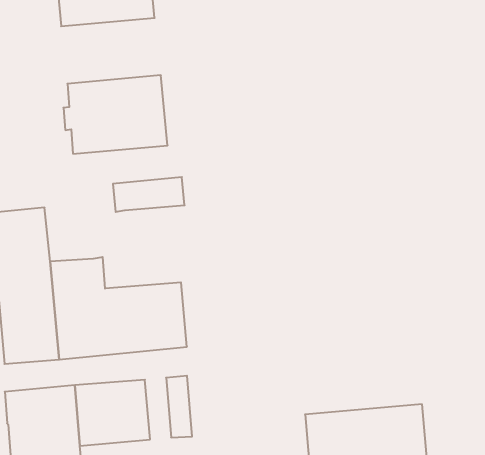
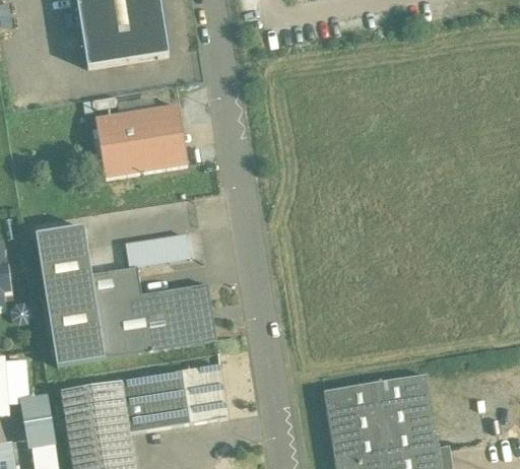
building: [113,177,185,212] -> [125,233,189,268]
building: none -> [182,367,208,422]

